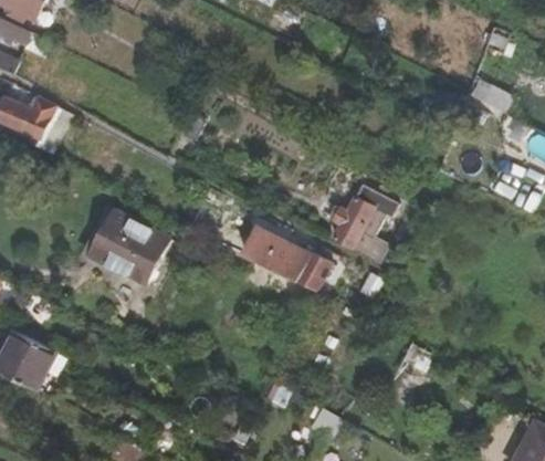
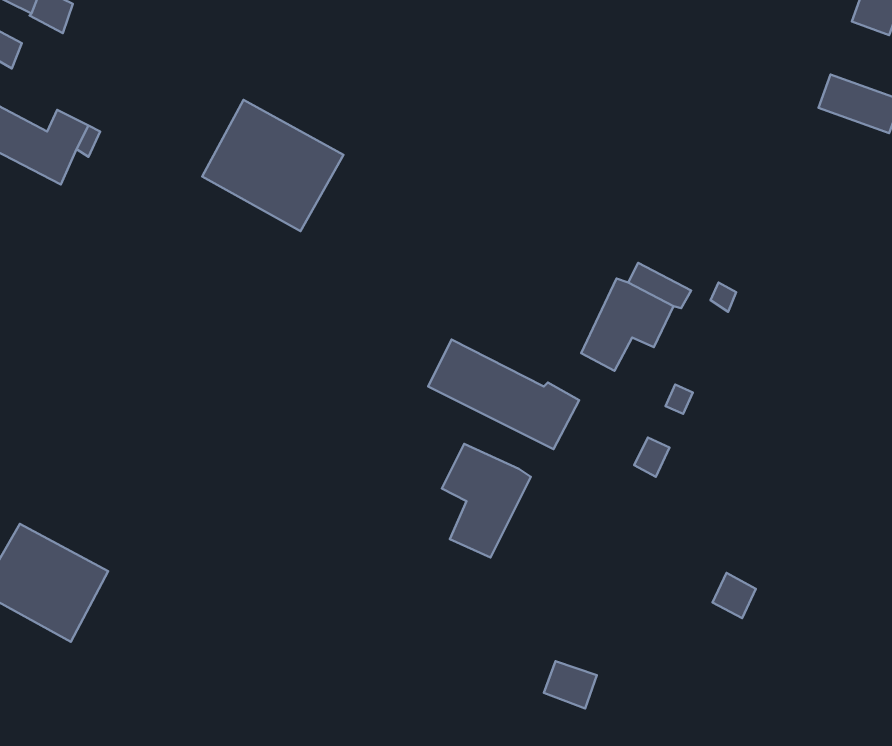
building: [88,209,168,283] -> [202,100,344,231]
building: none -> [442,444,531,557]

